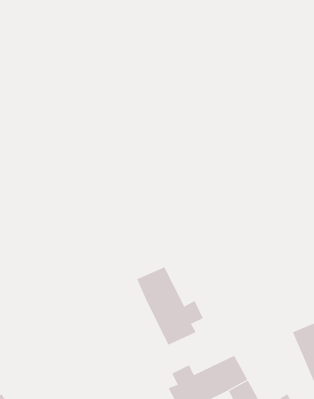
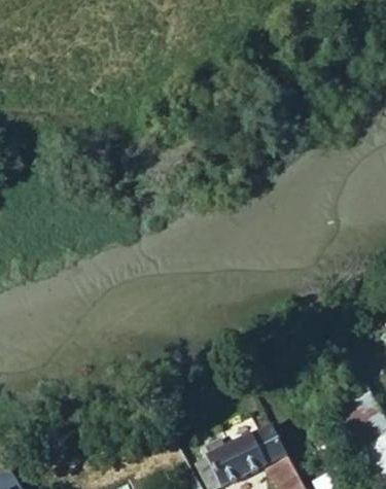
building: [137,267,204,346] -> none

